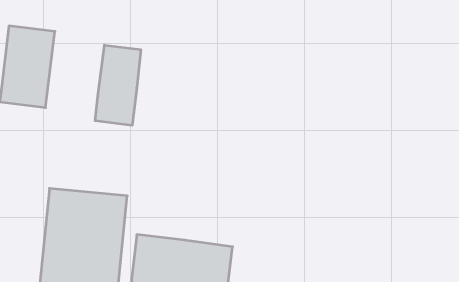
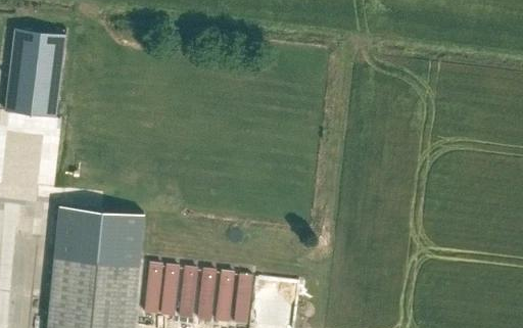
building: [95,45,141,125] -> none

